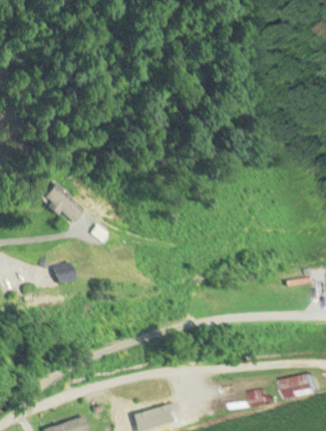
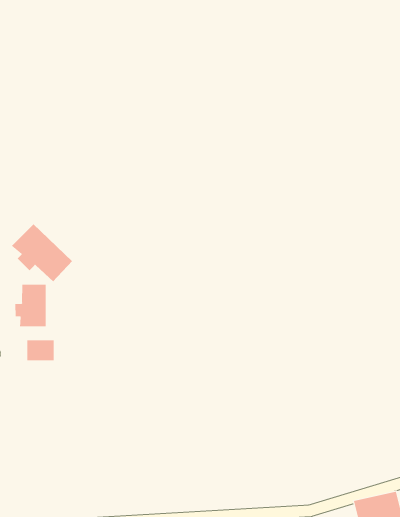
building: none -> [15,284,46,327]

